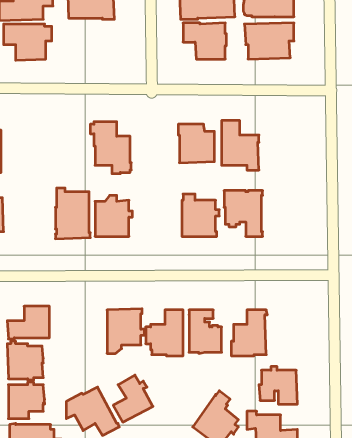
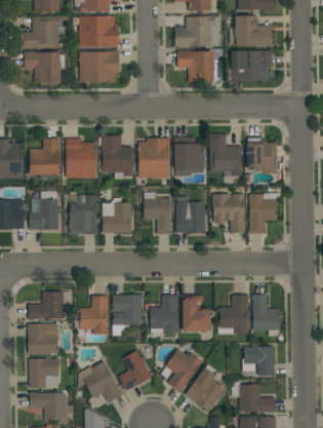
building: none -> [80,50,119,82]
building: none -> [30,139,60,179]
building: none -> [66,139,96,179]
building: none -> [138,139,170,178]
building: none -> [247,139,277,170]
building: none -> [29,191,62,230]
building: none -> [144,193,172,234]
building: none -> [248,193,277,234]
building: none -> [252,295,280,336]
building: none -> [78,297,109,336]
building: none -> [165,349,203,393]

